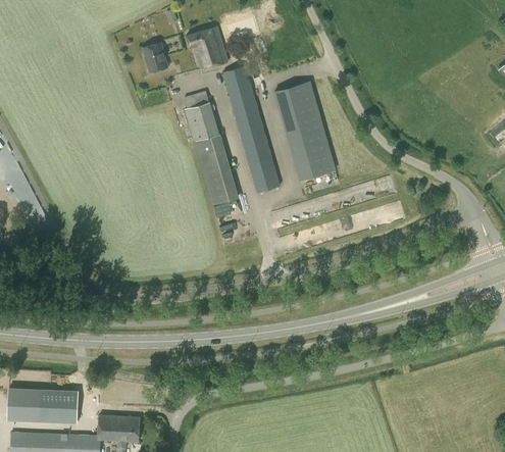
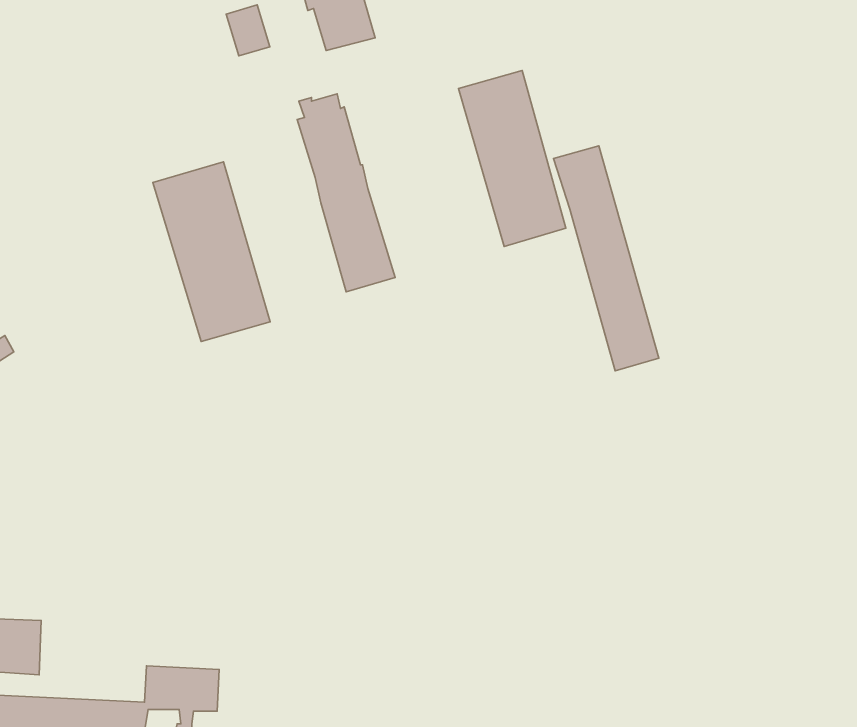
building: [220,65,280,192] -> [554,146,659,371]
building: none -> [153,162,270,341]
building: [49,387,79,420] -> none

